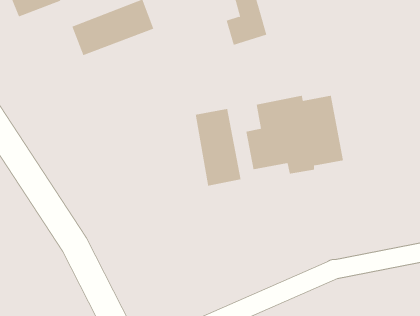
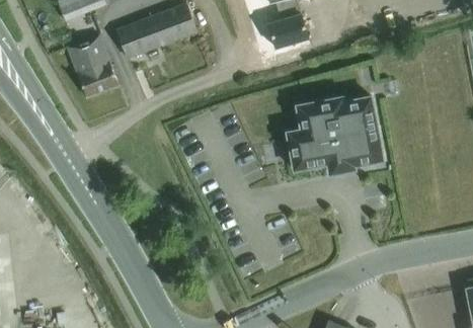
building: none -> [68,36,117,97]
building: [195,108,241,186] -> none

